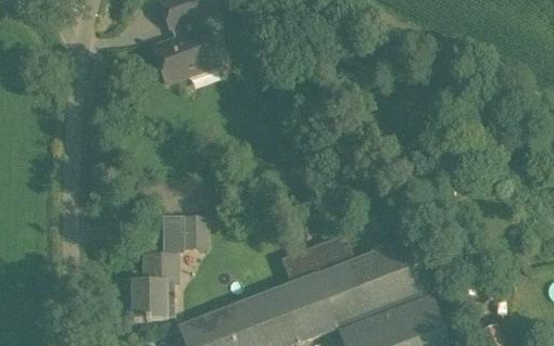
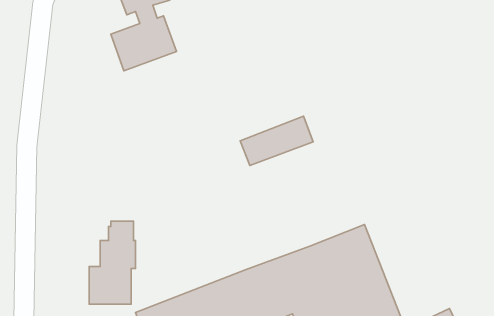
building: [185,218,207,248] -> none
building: [279,234,353,284] -> [240,116,313,165]

